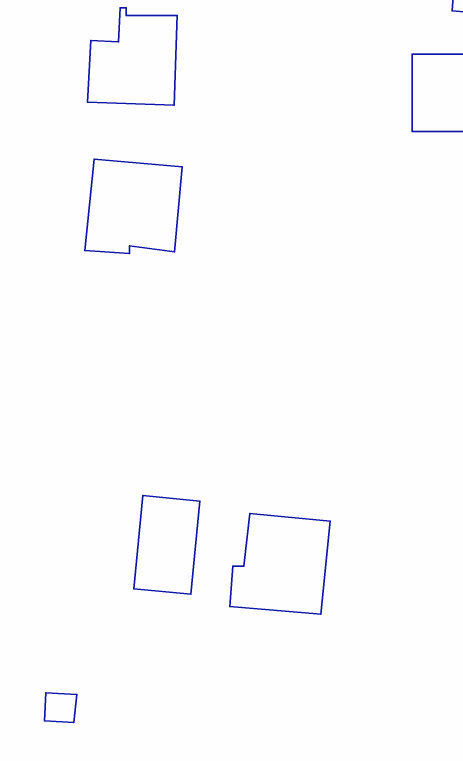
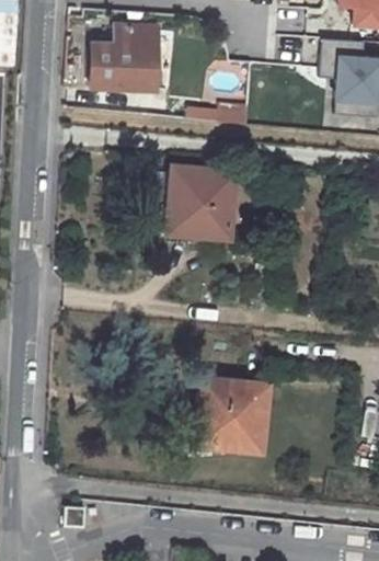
building: [85,159,182,253] -> [166,167,236,233]
building: [134,496,200,594] -> none

